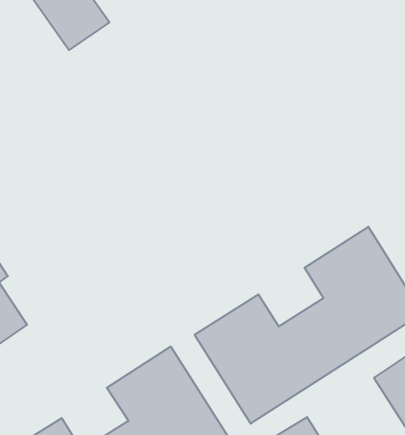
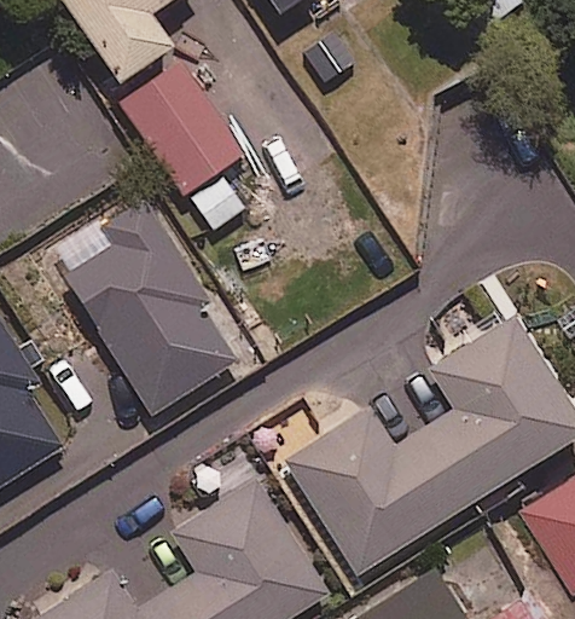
building: none -> [123,65,243,193]
building: none -> [51,196,242,416]

